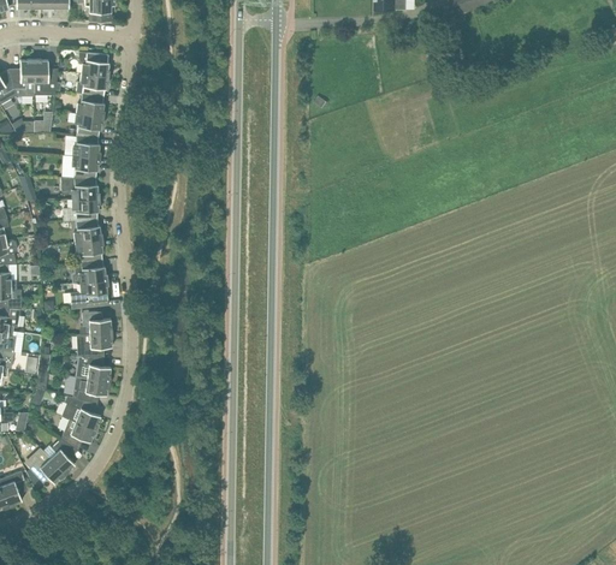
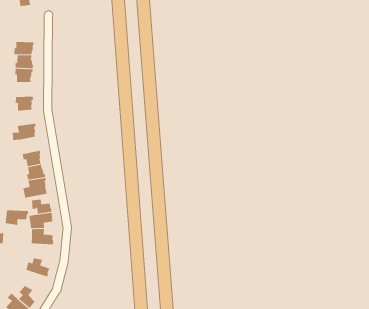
building: [78,50,109,76] -> none
building: [72,133,100,156] -> none
building: [60,177,100,198] -> none
building: [73,218,102,242] -> none
building: [72,376,109,402] -> [5,210,29,225]
building: [60,417,96,446] -> none

